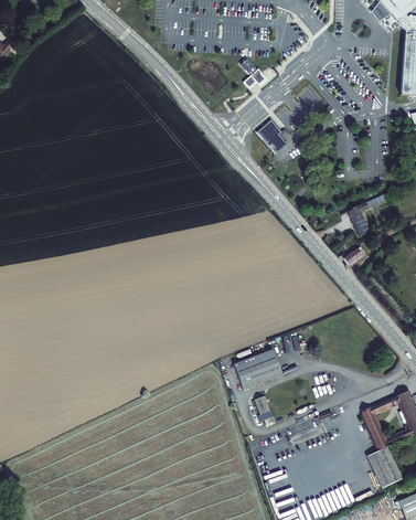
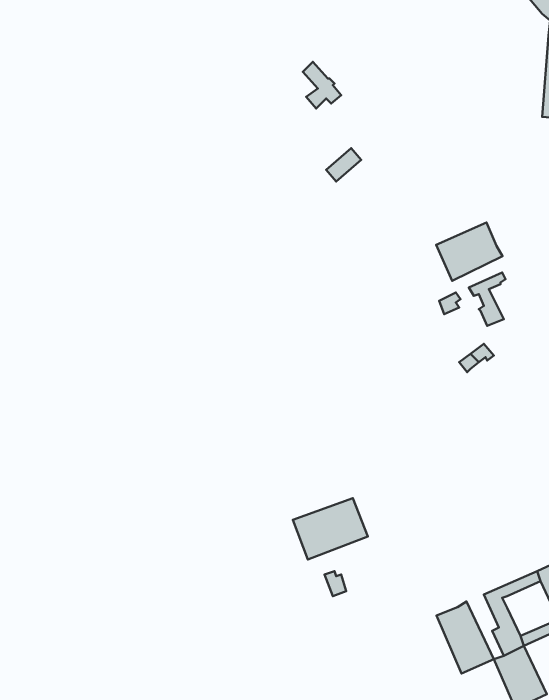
building: none -> [436,223,502,281]
building: none -> [437,601,494,673]

